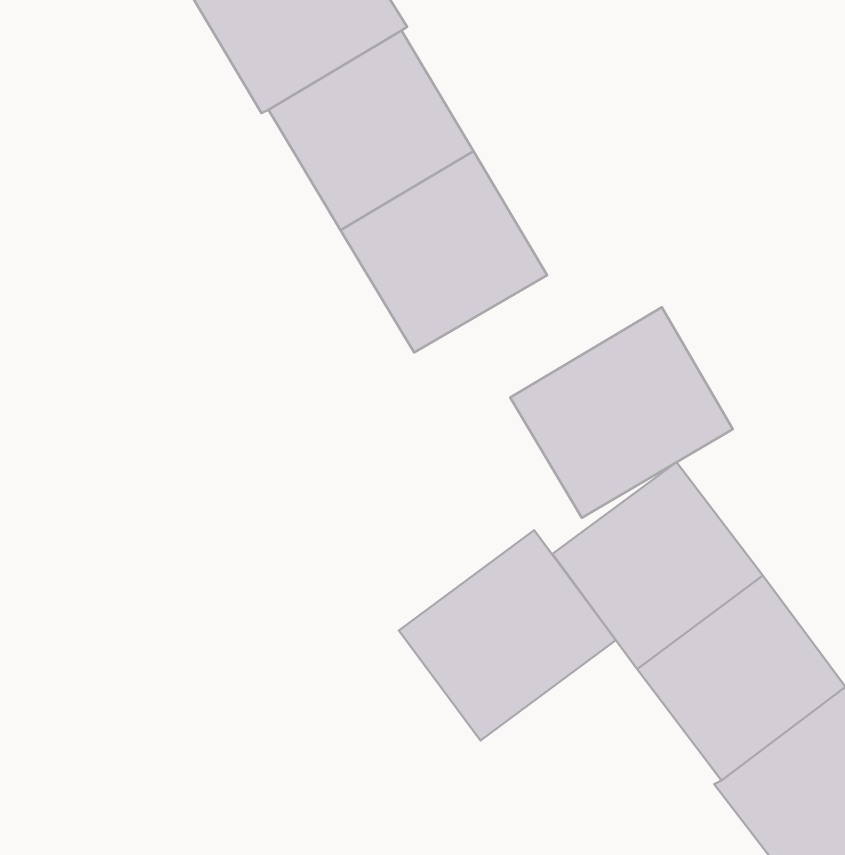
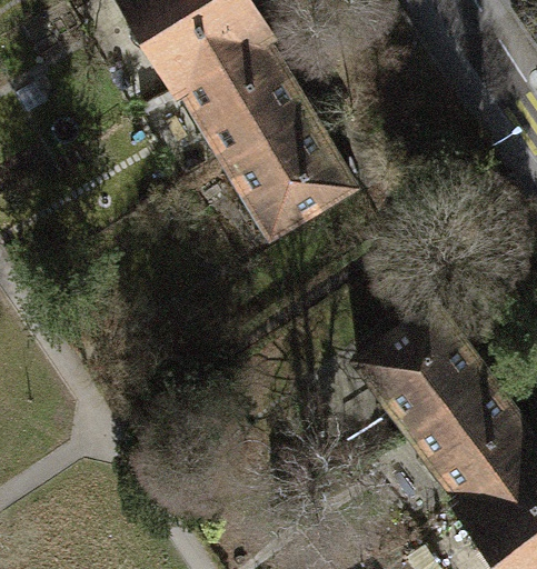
building: [510,307,733,518] -> none
building: [399,530,616,741] -> none

